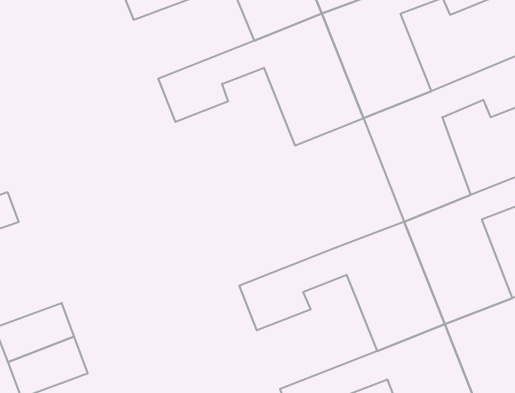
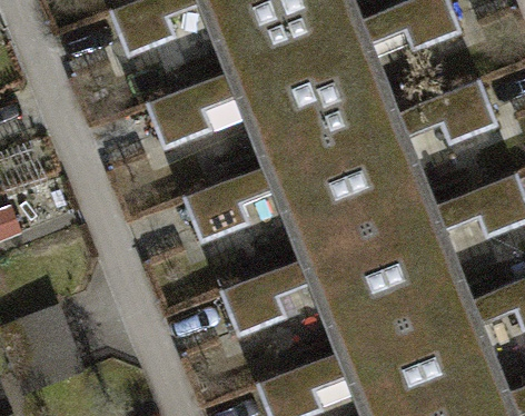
building: none -> [184,139,370,256]

